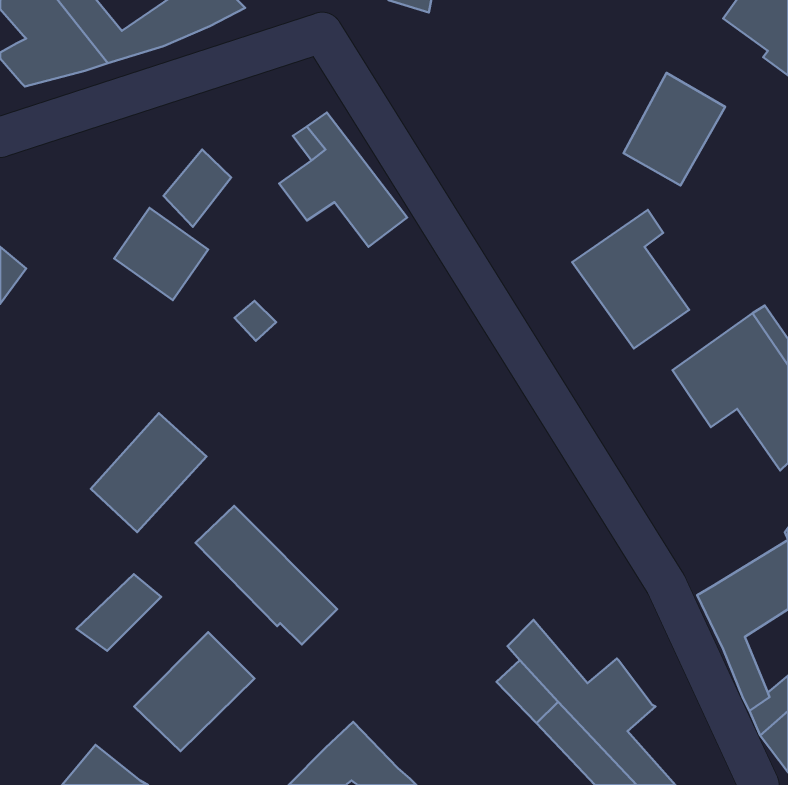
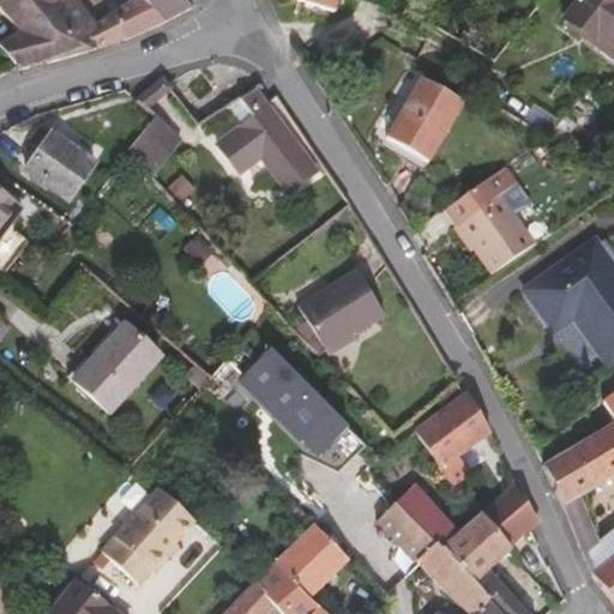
building: [623,73,725,185] -> [385,74,464,162]
building: [114,208,208,300] -> [23,130,96,201]
building: none -> [295,269,384,355]
building: none -> [414,391,490,483]
building: [195,506,337,645] -> [241,349,351,457]
building: [76,574,161,651] -> none
building: none -> [481,480,540,548]
building: none -> [275,524,348,597]

